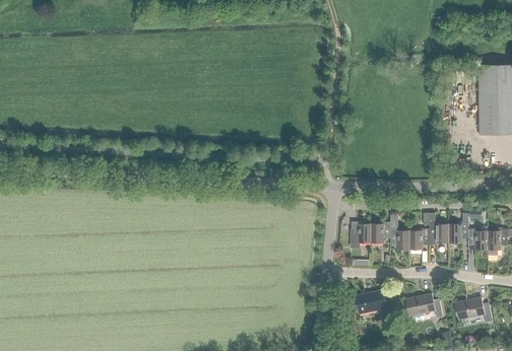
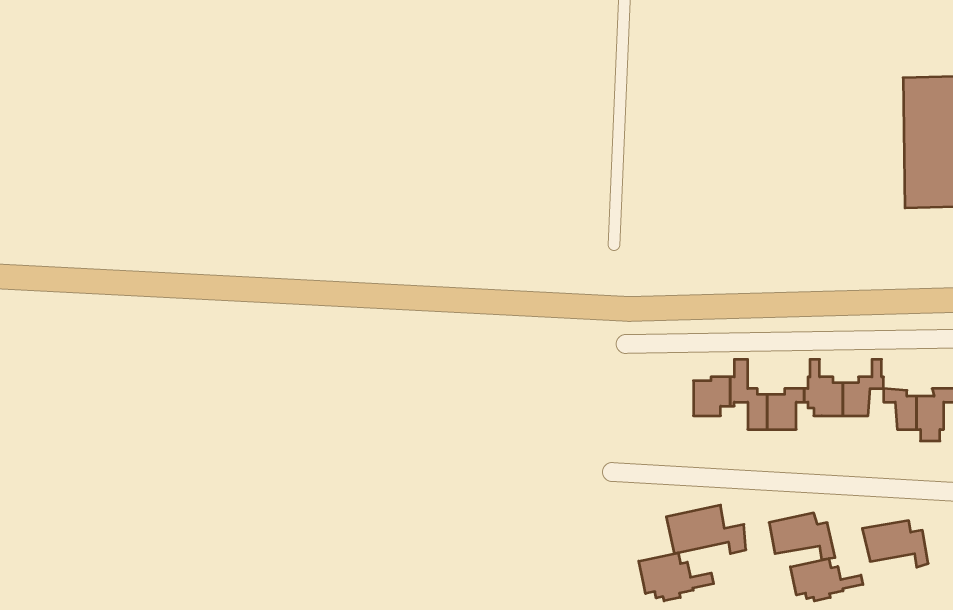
building: [351,221,369,247] -> none
building: none -> [639,553,714,601]
building: none -> [790,558,863,601]

